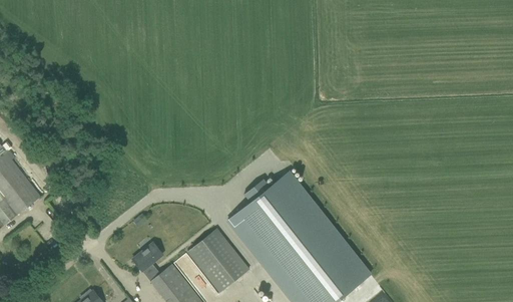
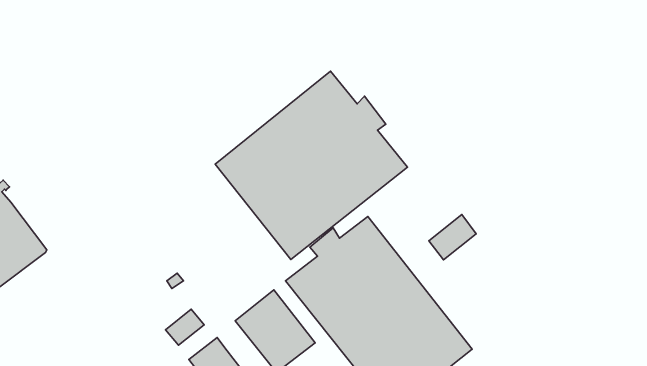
building: none -> [215,71,407,259]
building: none -> [429,215,476,260]

